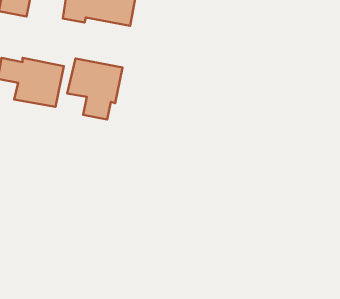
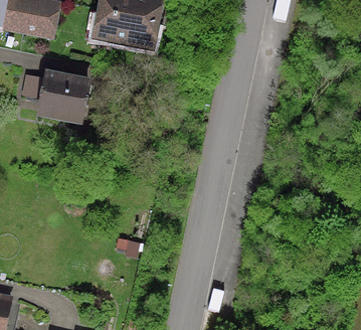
building: [67,58,122,120] -> none

